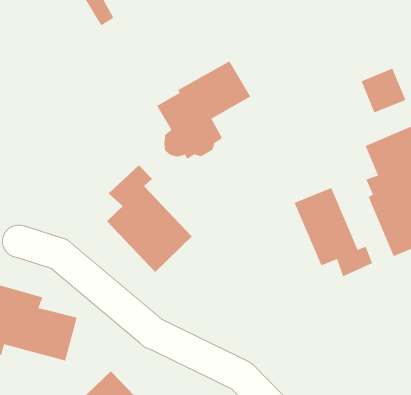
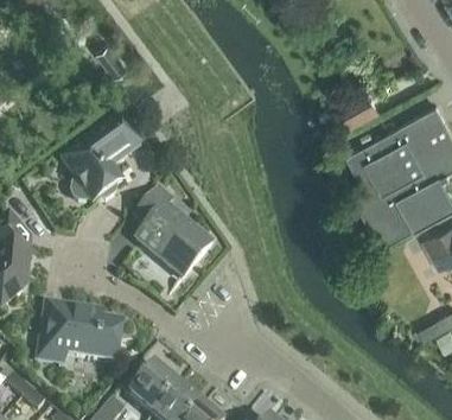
building: [156,61,251,160] -> [62,112,141,199]
building: [294,187,373,277] -> none

